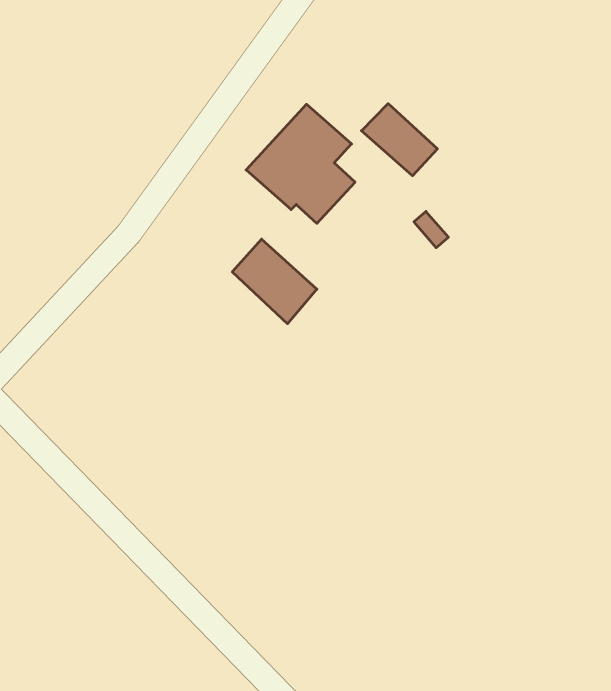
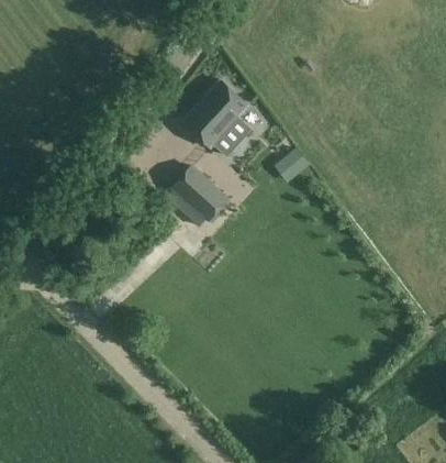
building: [361,104,437,176] -> none

